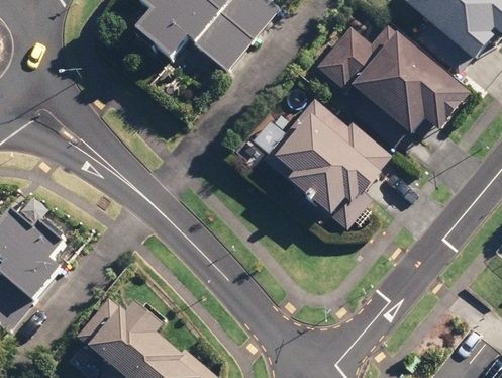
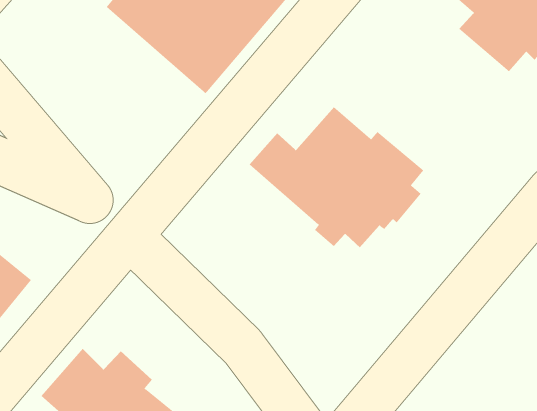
building: [312,22,473,147] -> none

